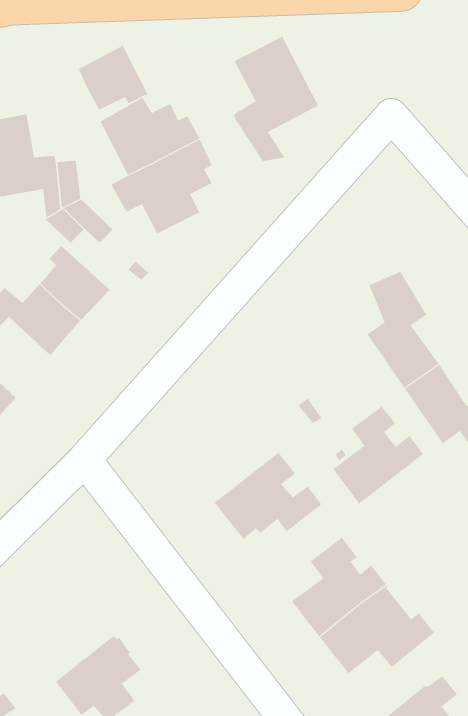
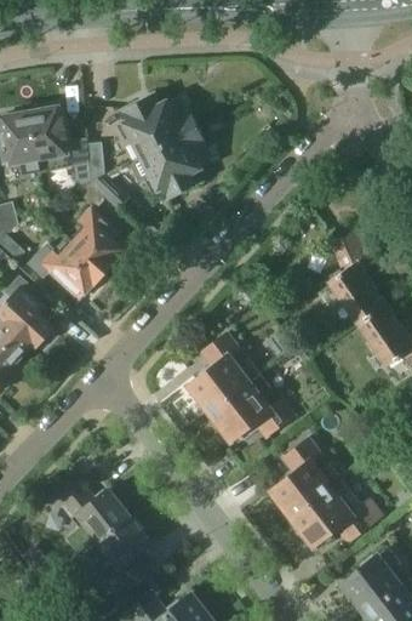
building: [233,36,319,162] -> none
building: [78,45,148,110] -> none
building: [333,406,424,505] -> [188,335,259,412]
building: none -> [62,486,130,558]

